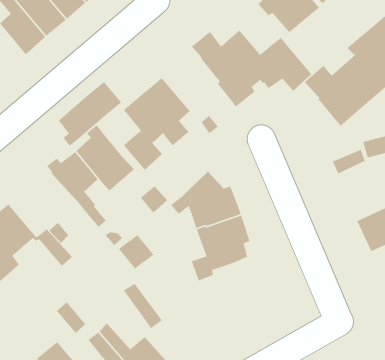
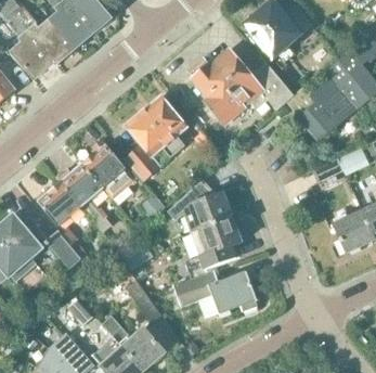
building: [58,81,122,147] -> none
building: none -> [34,181,82,226]
building: none -> [173,270,256,313]

